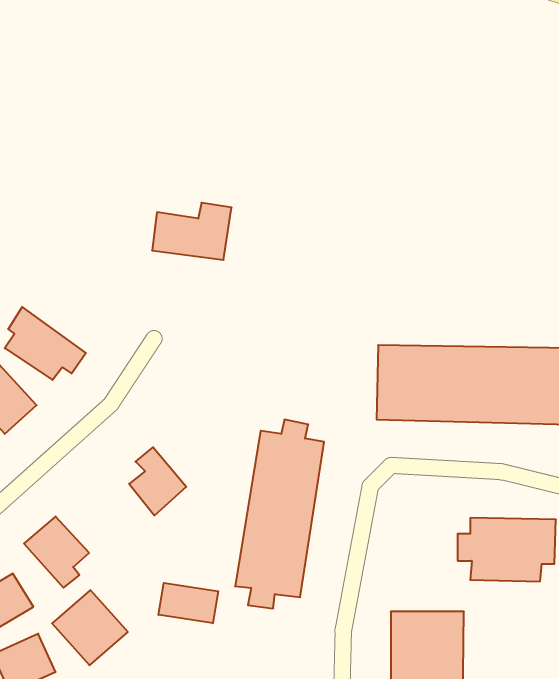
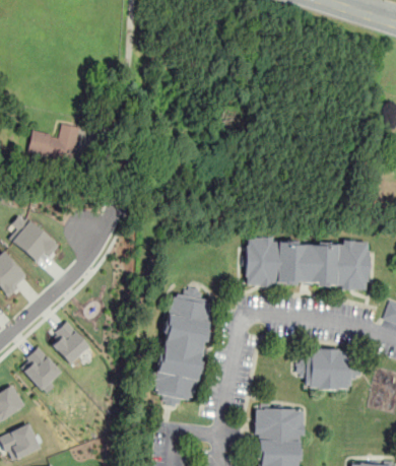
building: [152,203,232,260] -> [29,124,80,160]
building: [129,447,186,515] -> [53,321,89,364]
building: [158,583,218,623] -> none
building: [52,590,128,665] -> none

